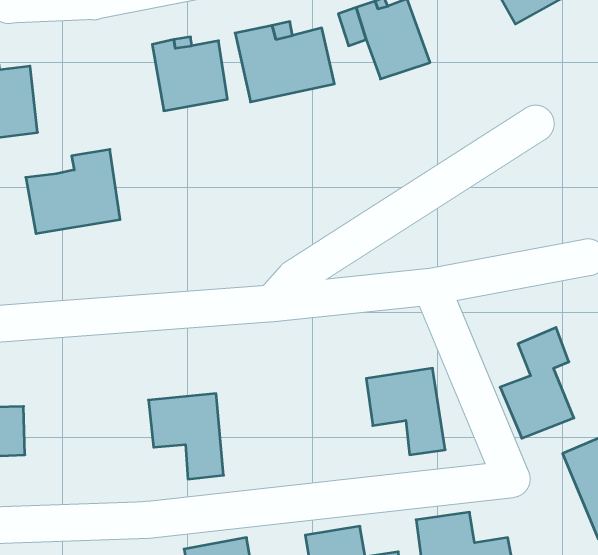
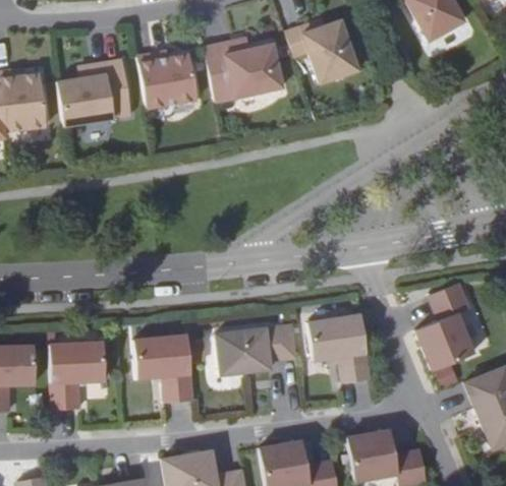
building: [26,149,120,234] -> [56,58,131,125]
building: none -> [217,324,297,375]
building: none -> [50,342,106,410]

